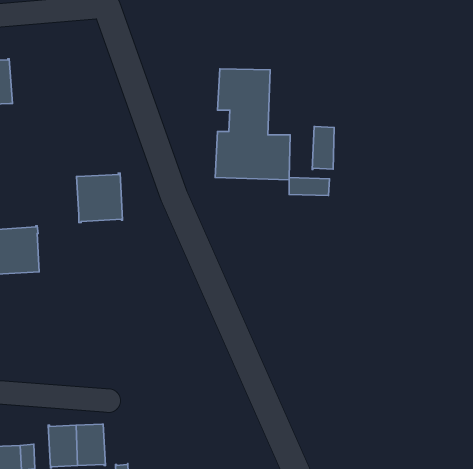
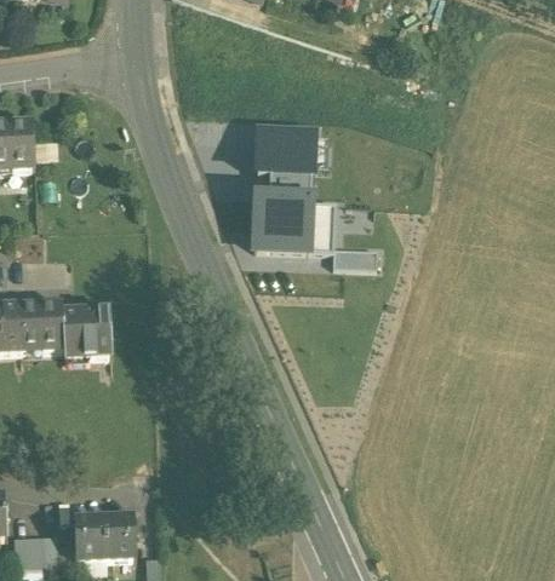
building: [312,127,334,169] -> none
building: [77,173,122,223] -> [61,304,110,357]

